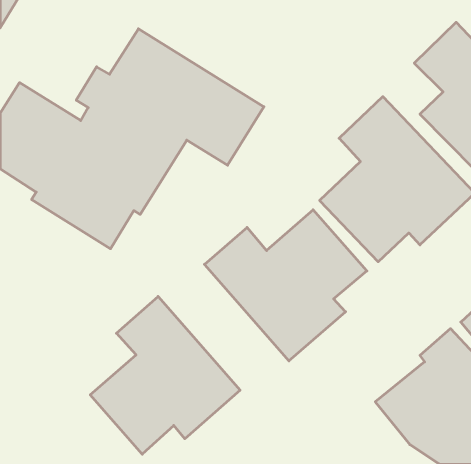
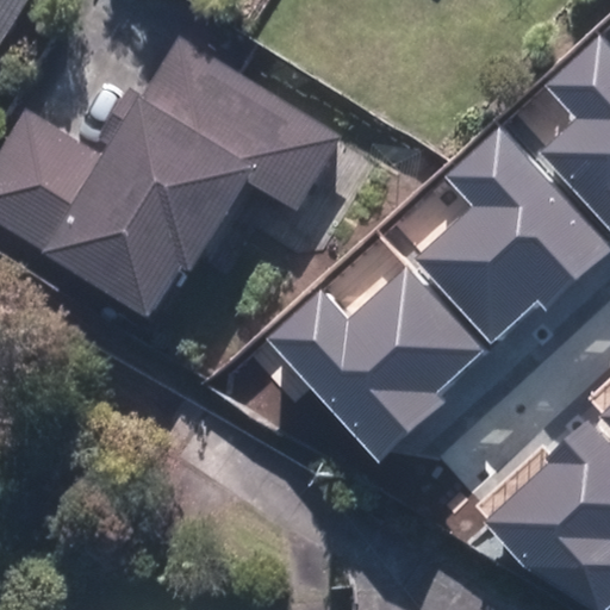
building: [90,296,240,454] -> none

